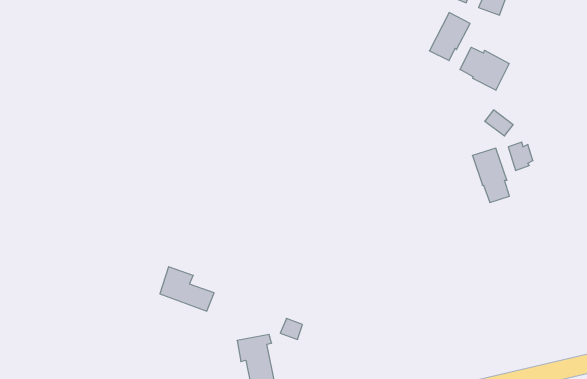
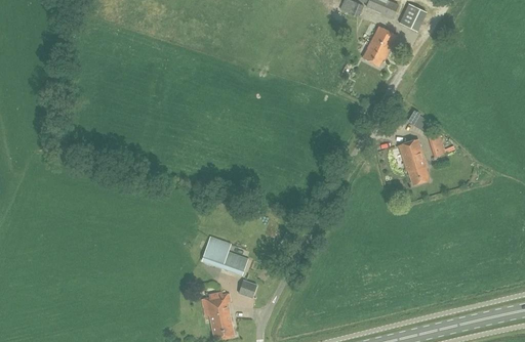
building: [460,47,509,90] -> none
building: [160,267,214,311] -> [203,238,248,274]

